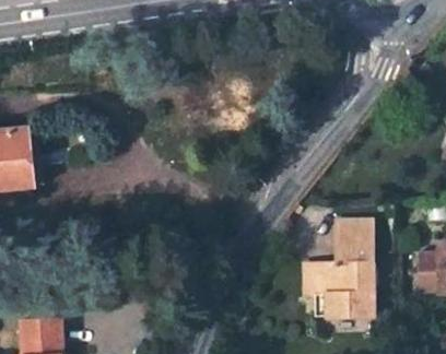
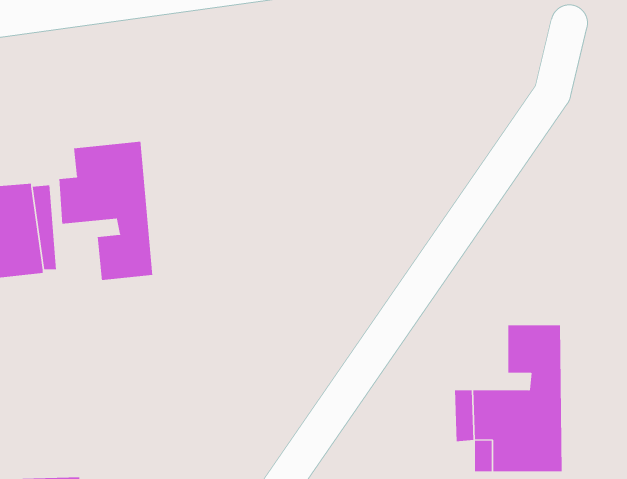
building: none -> [59,141,153,281]

